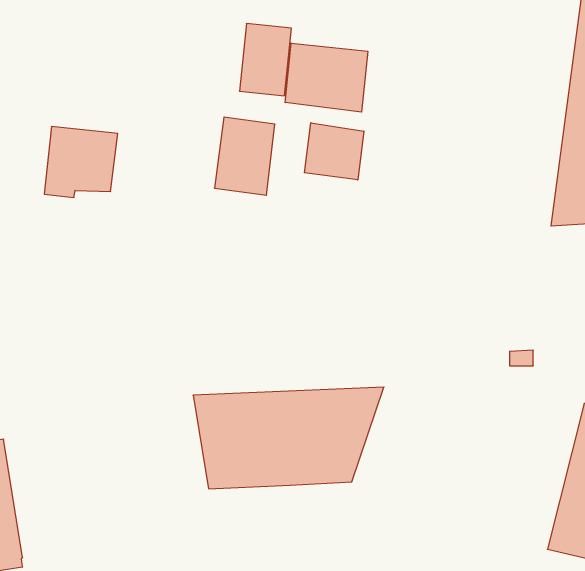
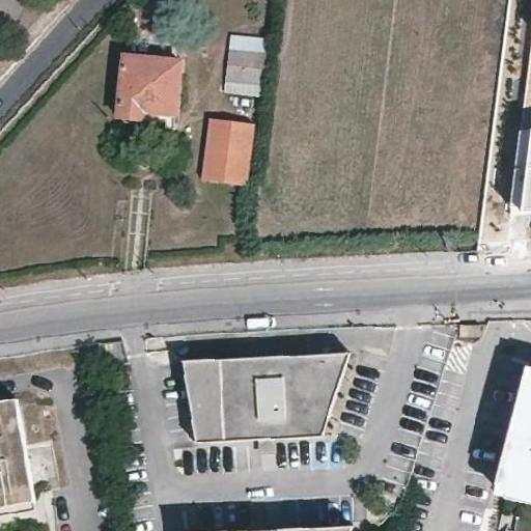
building: [285,43,368,112] -> none
building: [304,123,364,180] -> none
building: [44,127,118,198] -> [117,56,181,118]

